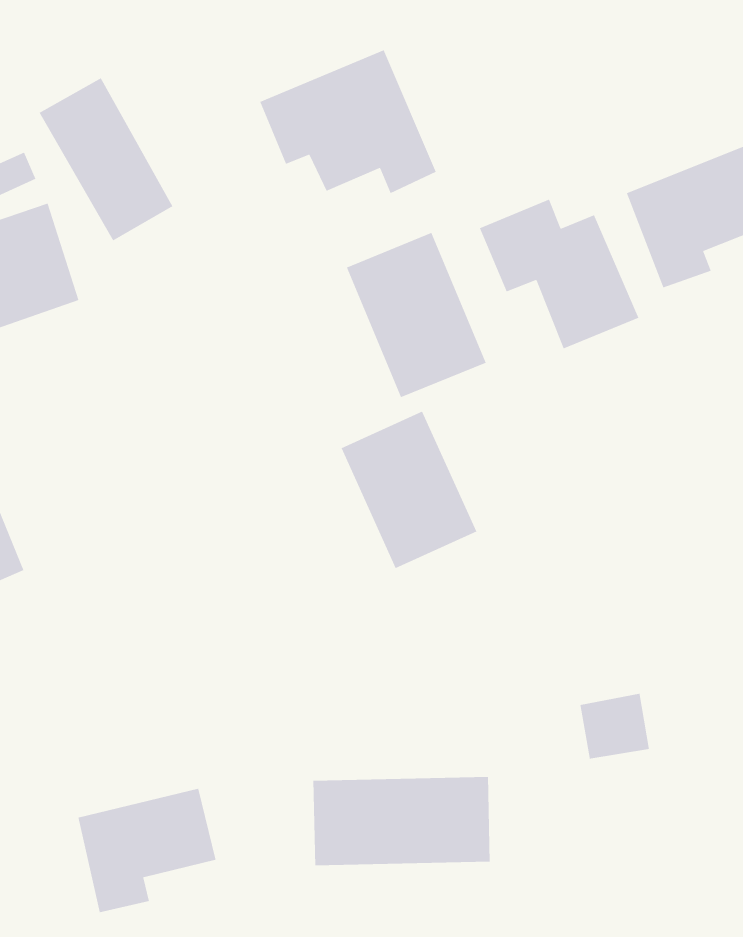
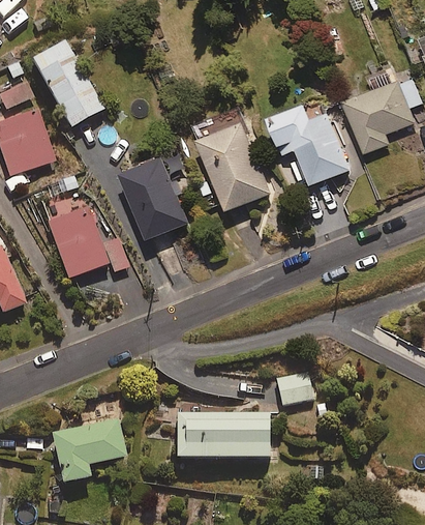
building: [259,49,437,194] -> none
building: none -> [48,207,127,279]
building: [340,411,477,569] -> [117,156,189,240]
building: [579,693,650,759] -> [274,369,311,404]

